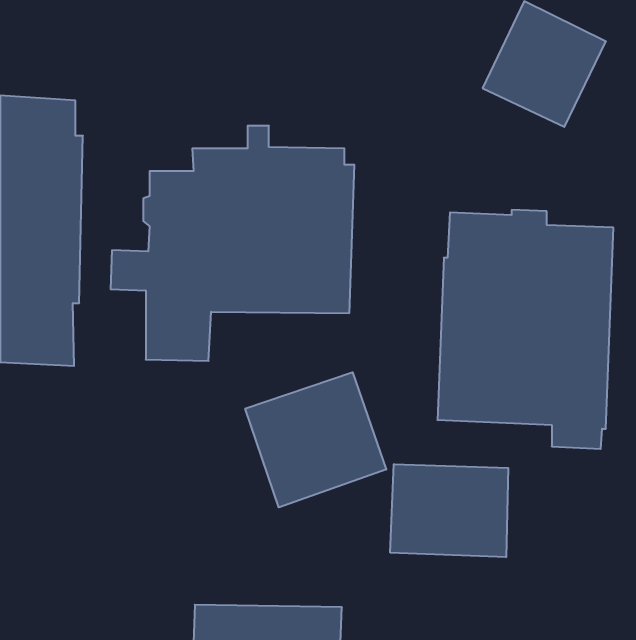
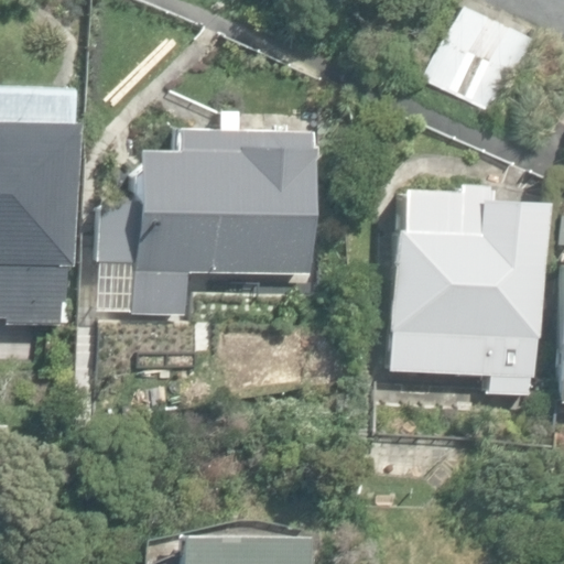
building: [245,372,386,507] -> none
building: [390,464,508,557] -> none

